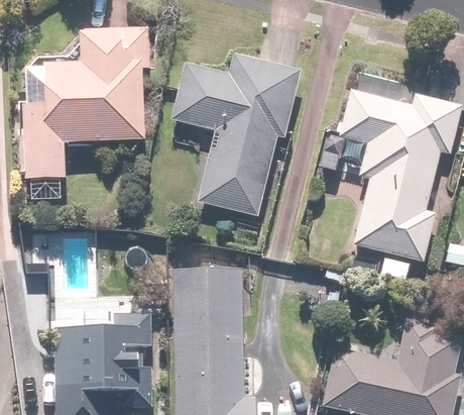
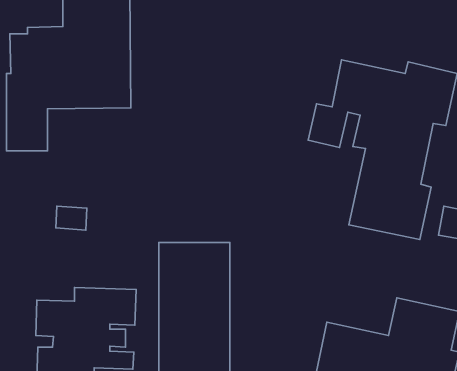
building: [173,55,299,216] -> none

